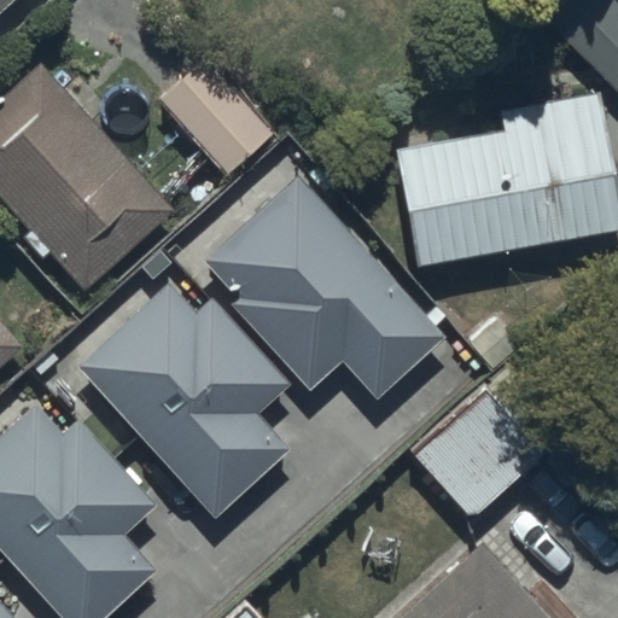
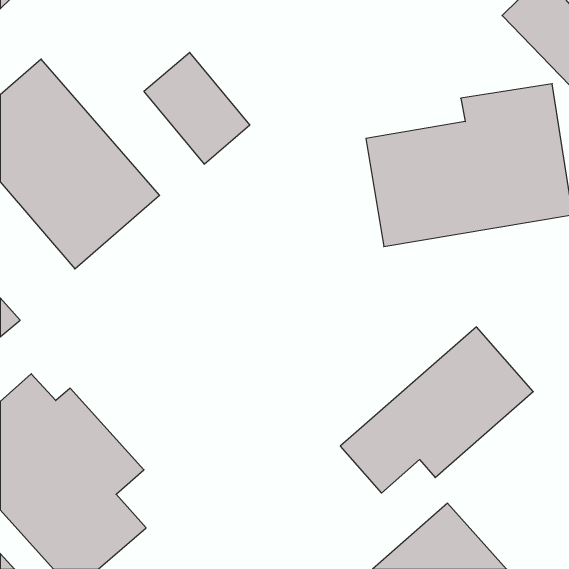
building: [203,174,445,401] -> none
building: [76,282,292,519] -> none

